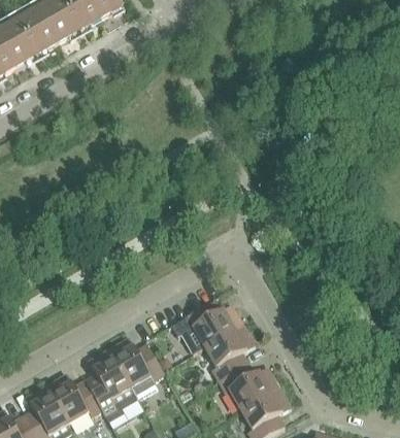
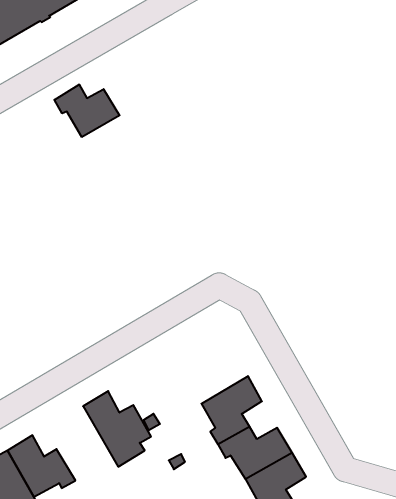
building: none -> [54,84,120,137]
building: [171,305,242,355] -> none
building: [86,350,136,422] -> none

